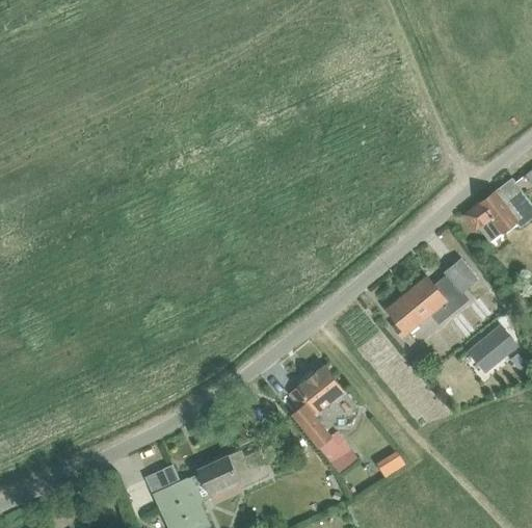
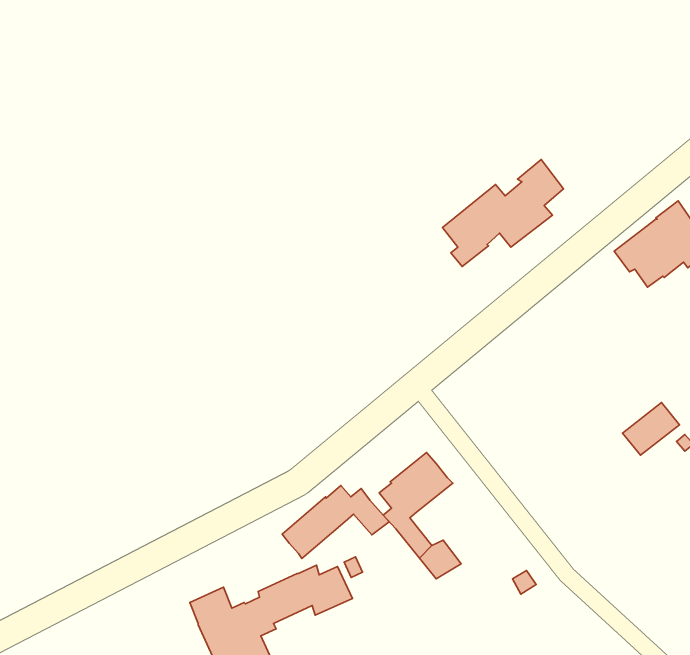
building: [387,259,477,339] -> [443,160,564,267]
building: none -> [282,485,389,559]

